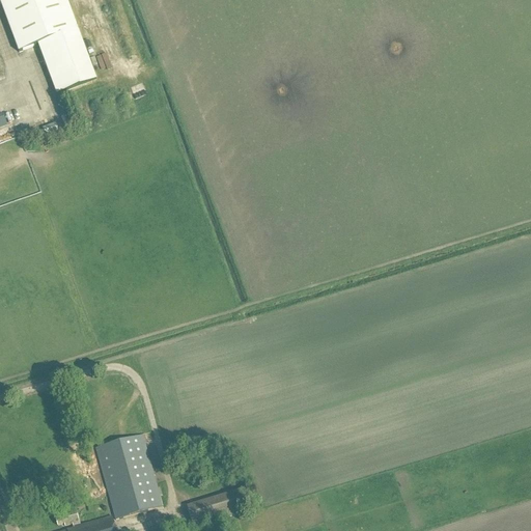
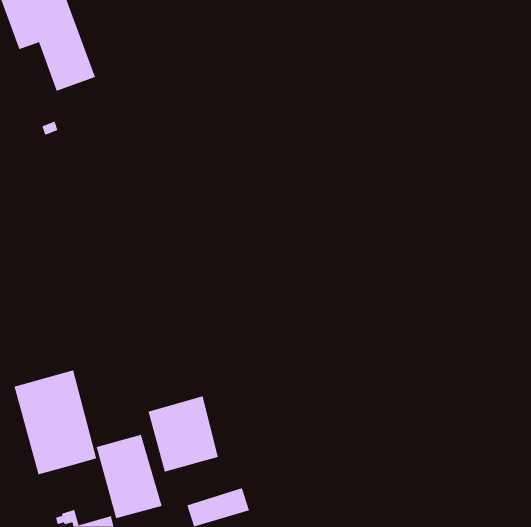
building: none -> [14,369,97,475]
building: none -> [148,396,218,472]

